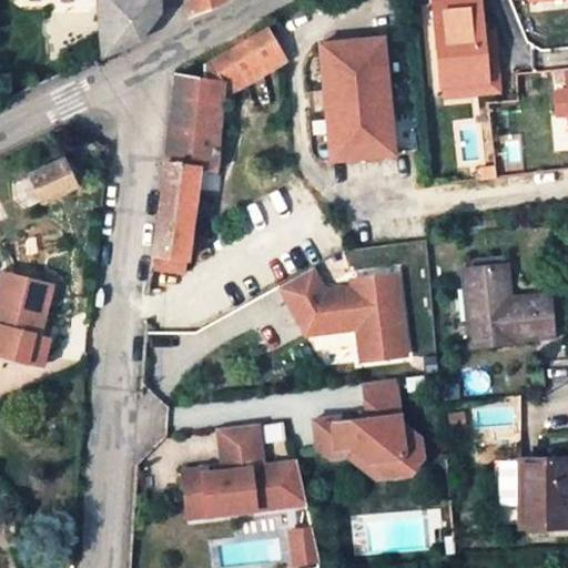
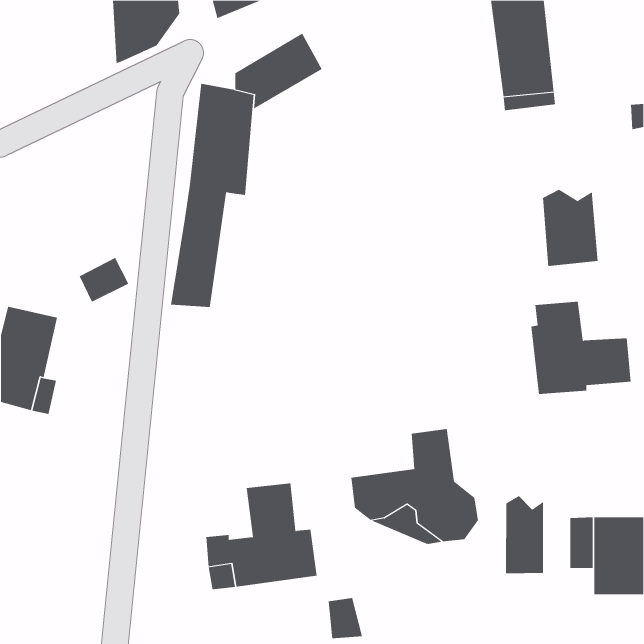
building: [326,39,396,162] -> none
building: [31,163,75,203] -> [79,257,129,303]
building: none -> [543,189,598,267]
building: [281,266,407,357] -> none
building: none -> [505,495,543,574]
building: [274,463,306,507] -> none

